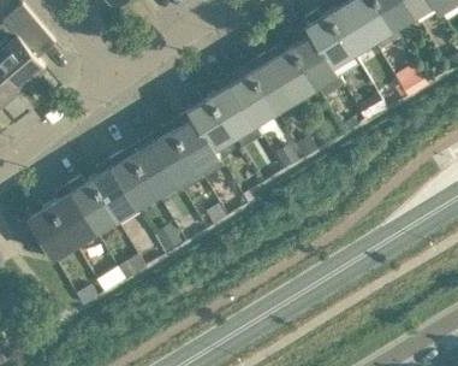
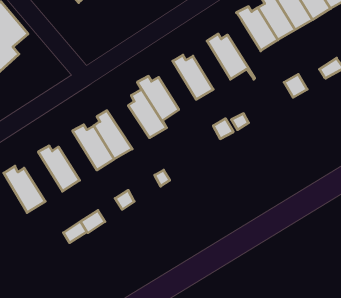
building: [292,29,345,99] -> none
building: [251,54,296,112] -> none
building: [210,78,255,136] -> none
building: [149,129,200,183] -> none
building: [91,161,137,220] -> none
building: [50,187,96,246] -> none

